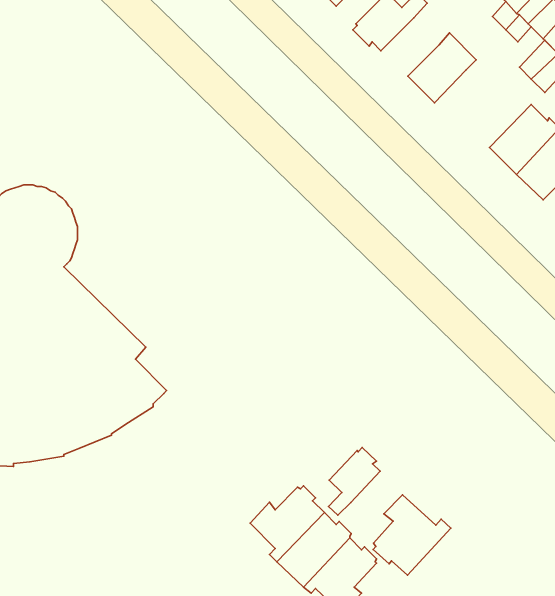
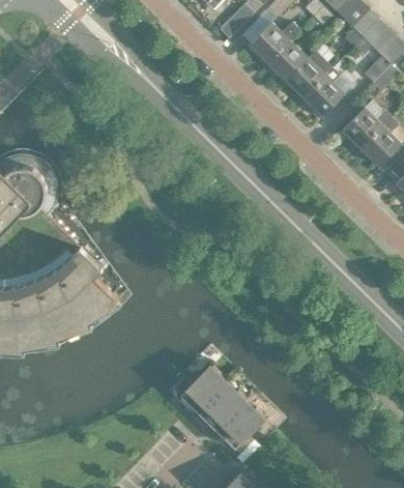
building: none -> [266,39,307,80]
building: none -> [304,68,344,118]
building: [329,448,380,515] -> none
building: [373,495,451,575] -> none

